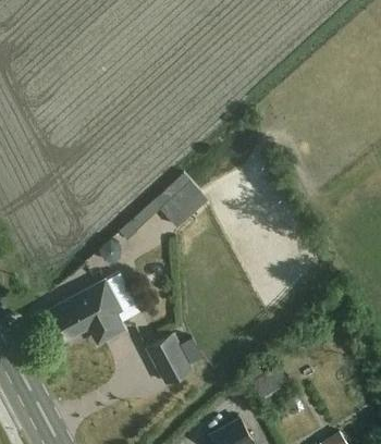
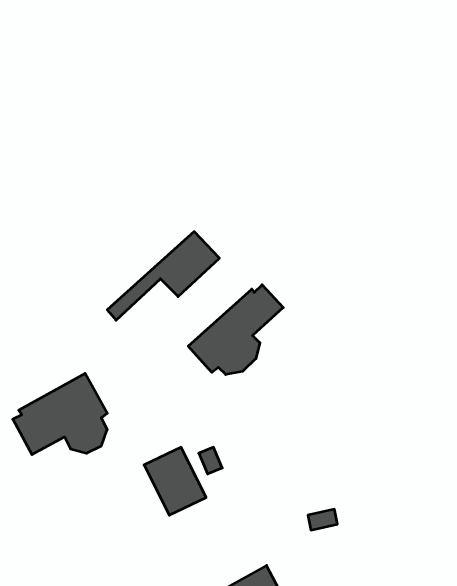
building: none -> [188,285,283,375]

